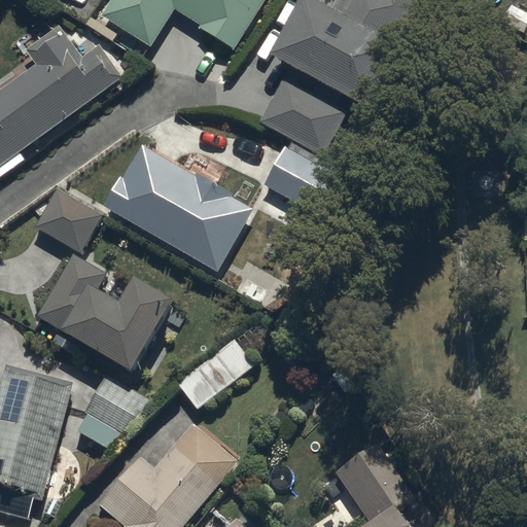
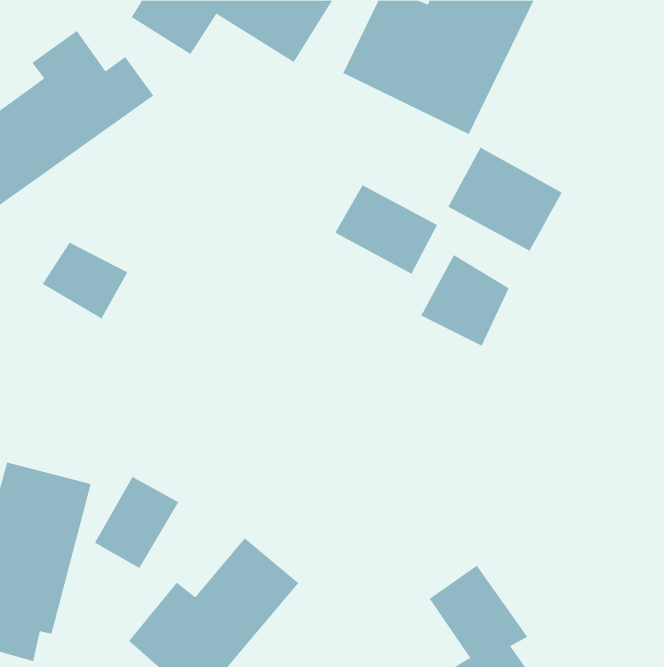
building: [258,75,349,157] -> [448,147,563,251]
building: [101,141,254,274] -> none
building: none -> [420,254,509,346]
building: [37,251,175,367] -> none
building: [177,339,255,411] -> none

